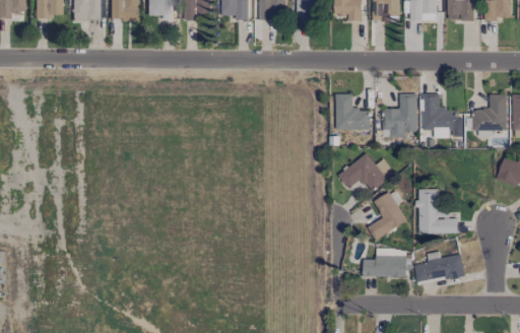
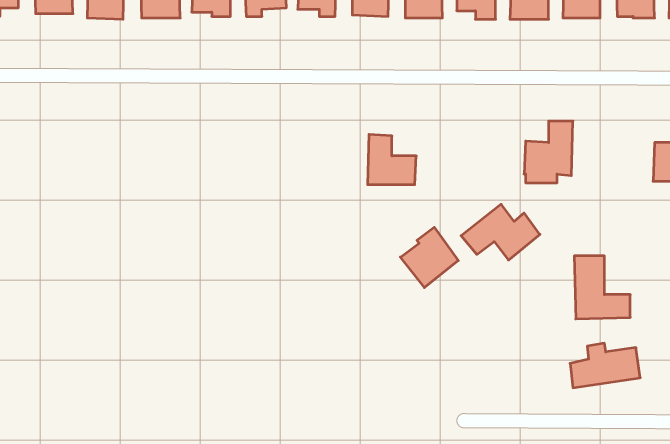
building: [336,93,371,129] -> [368,134,416,185]
building: [422,93,463,137] -> none
building: none -> [400,227,458,288]
building: [369,192,406,238] -> none
building: [364,255,407,277] -> none

